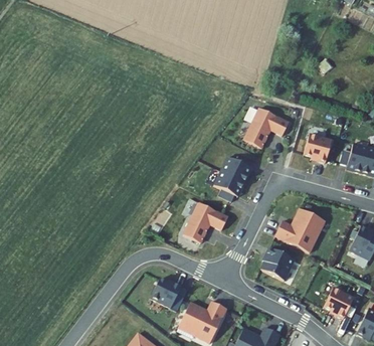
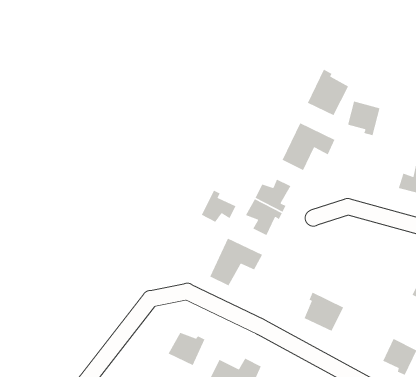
building: none -> [307,68,349,116]
building: [303,134,330,163] -> [347,101,380,136]
building: none -> [201,189,237,223]
building: [273,208,321,252] -> none

